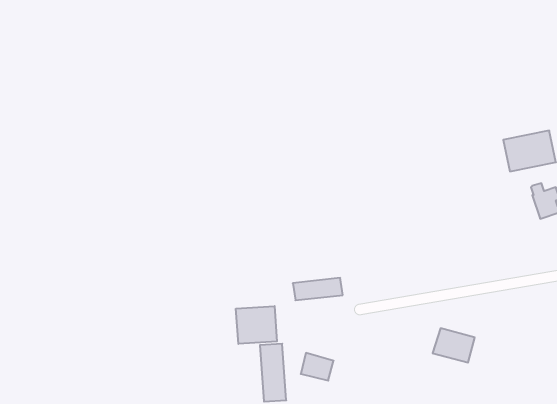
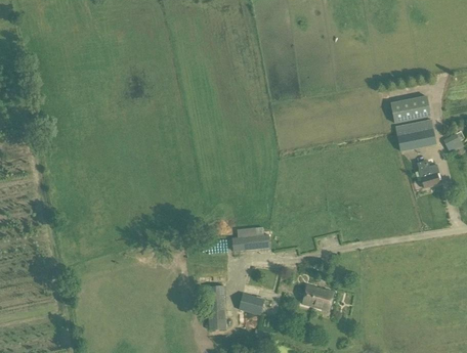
building: none -> [390,94,430,123]
building: [236,306,277,344] -> none
building: [433,328,475,363] -> [301,283,334,310]

